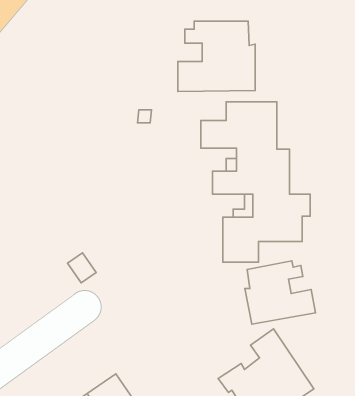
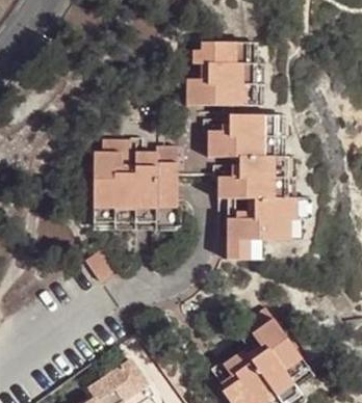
building: none -> [92,139,175,221]
building: [245,261,316,324] -> none

